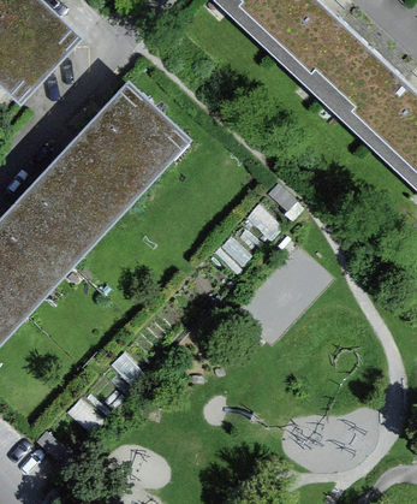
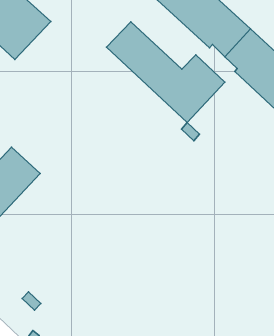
building: none -> [106,22,225,123]
building: [20,94,180,259] -> none

